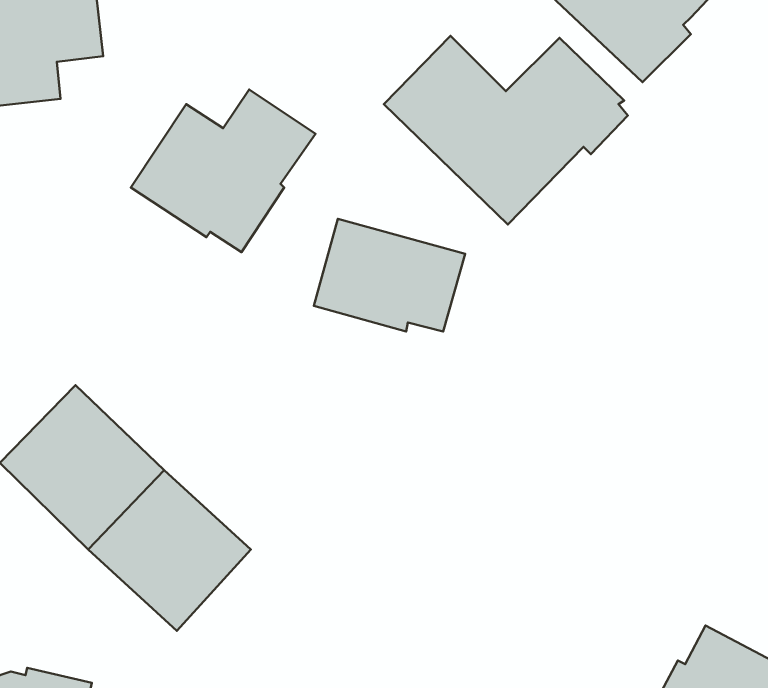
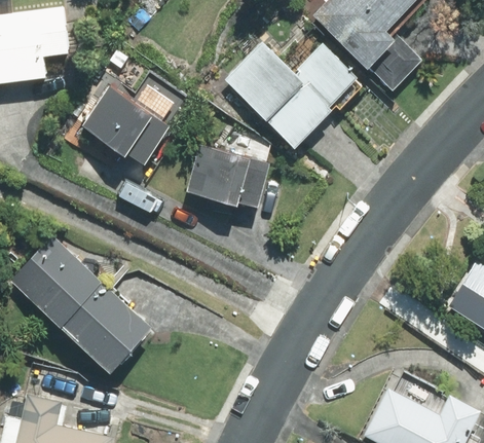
building: none -> [368,32,423,91]

